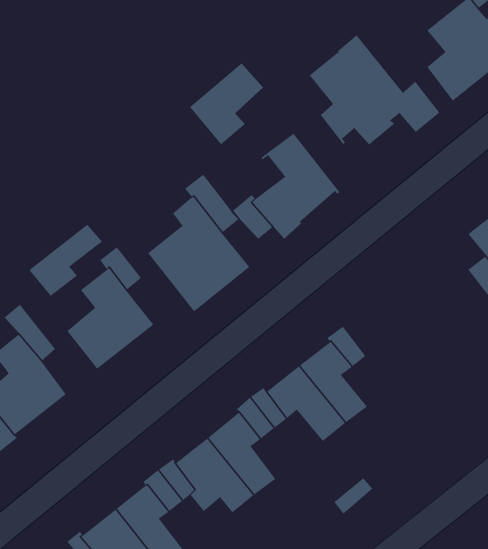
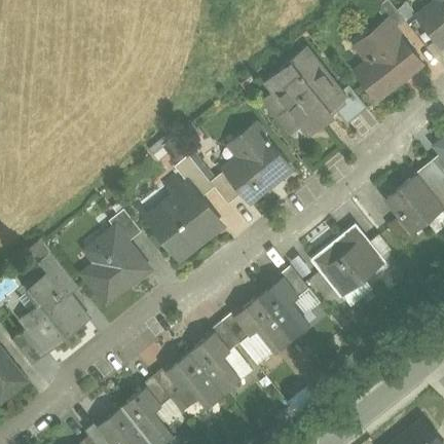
building: [189,63,264,145] -> none
building: [28,224,103,297] -> none
building: none -> [310,233,383,296]

